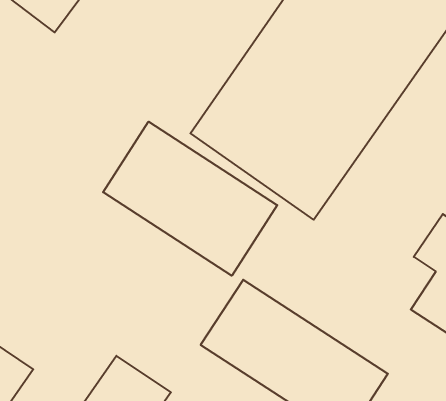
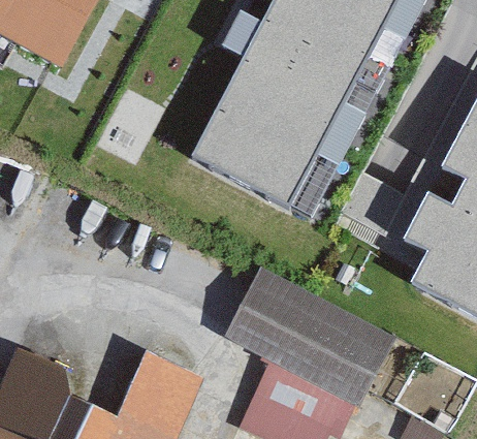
building: [103,122,277,276] -> none

